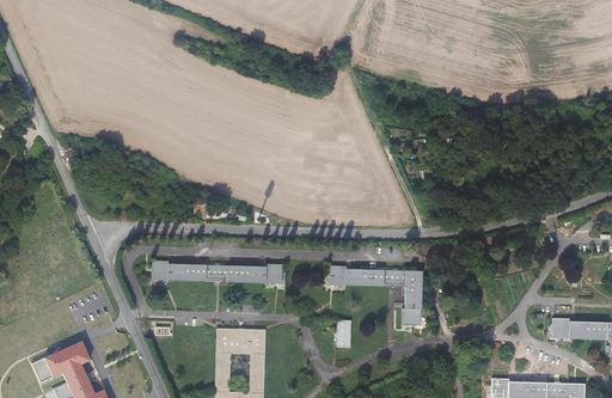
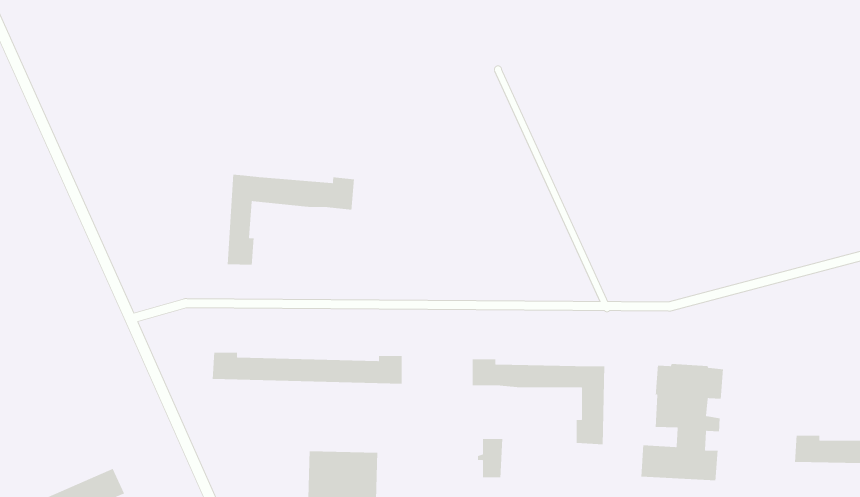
building: none -> [227,174,355,266]
building: none -> [641,363,724,481]

